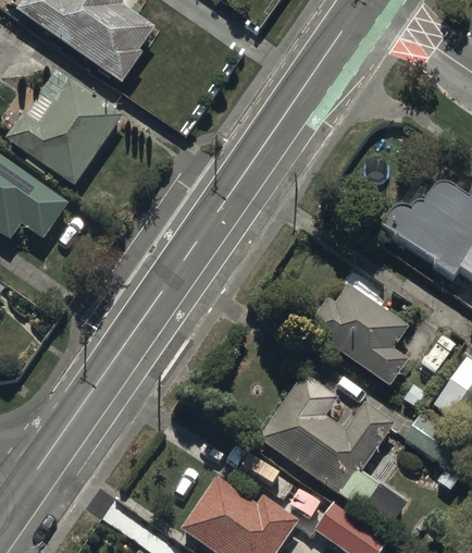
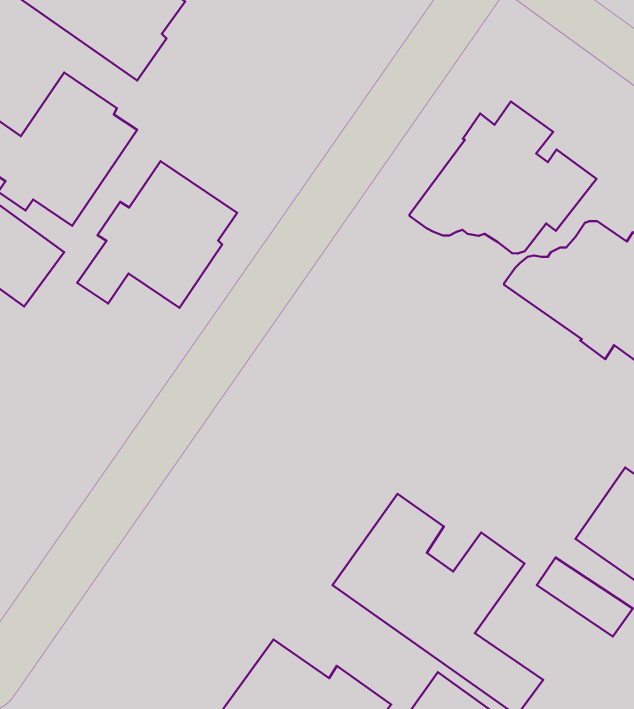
building: none -> [409,102,597,253]
building: none -> [77,161,237,308]
building: [303,283,407,385] -> none

